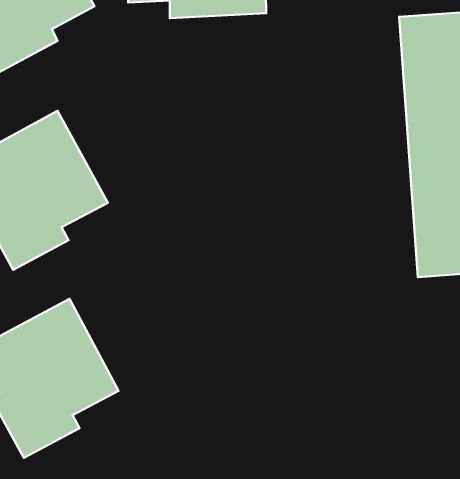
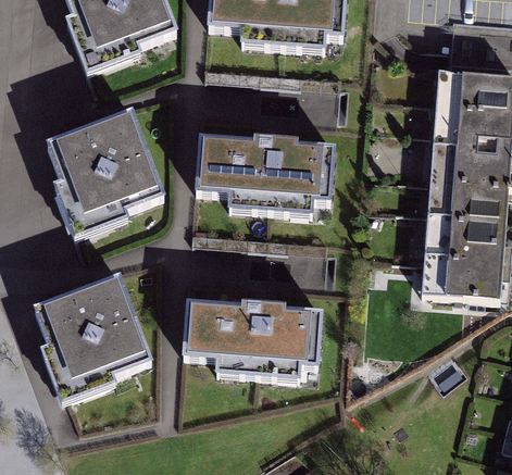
building: none -> [193,133,334,214]
building: none -> [186,296,325,377]

